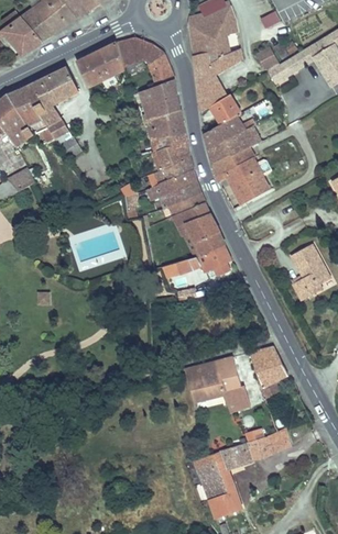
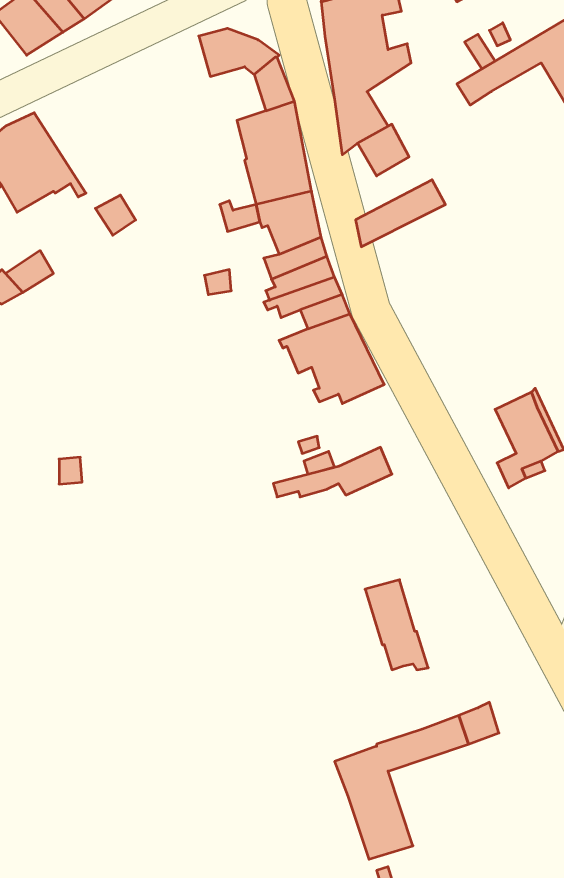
building: [77,43,124,86] -> none
building: [23,67,77,136] -> none
building: [204,111,255,149] -> none
building: [211,146,270,204] -> none
building: [163,244,231,272] -> [273,447,392,497]
building: [250,346,287,397] -> none
building: [185,361,223,402] -> none

